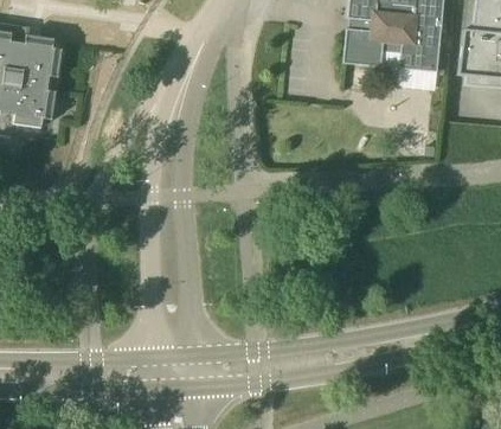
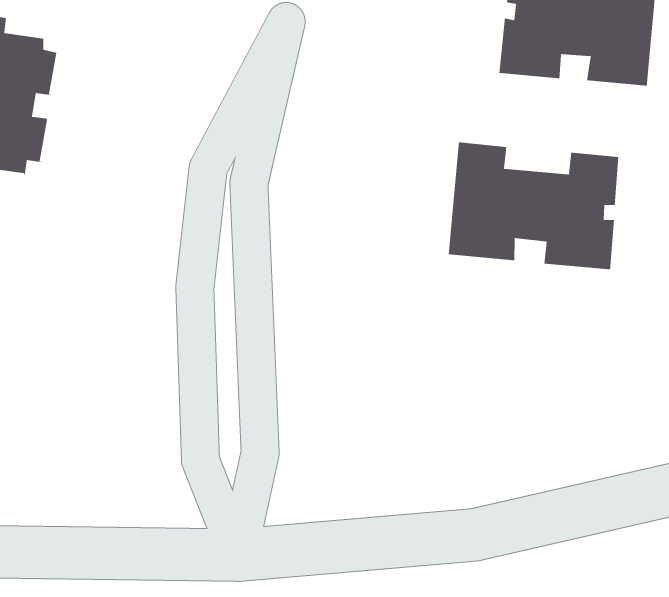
building: none -> [448,142,619,270]

